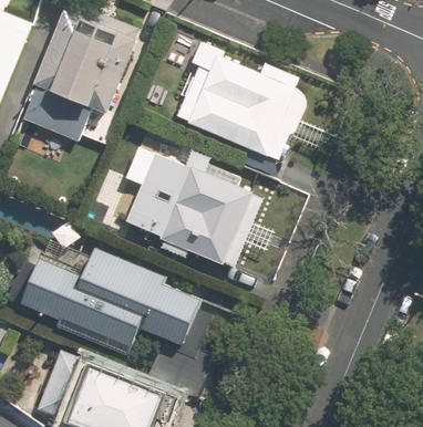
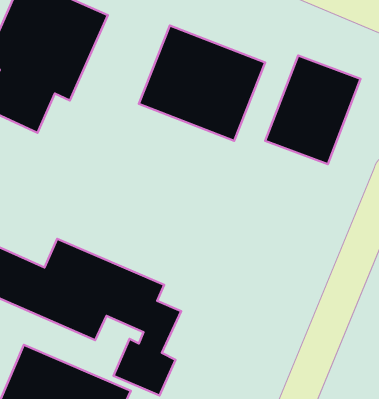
building: none -> [265,55,361,164]
building: [115,149,254,269] -> none

